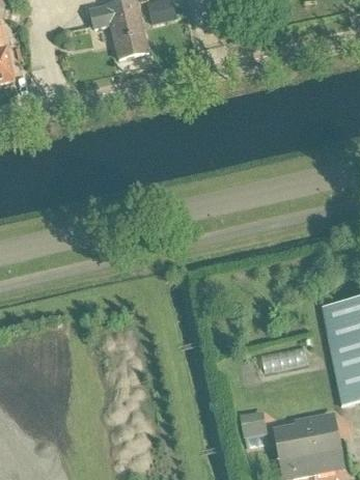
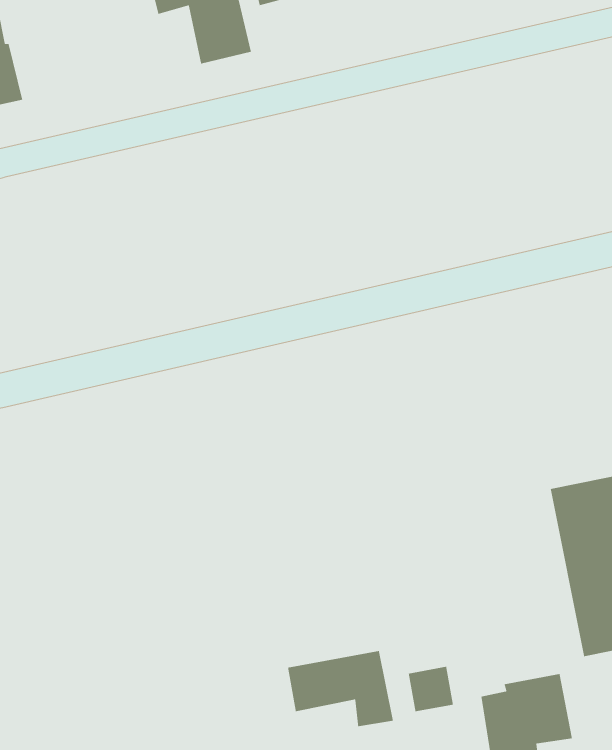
building: none -> [287,650,394,727]

